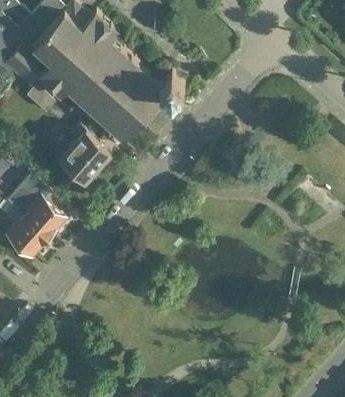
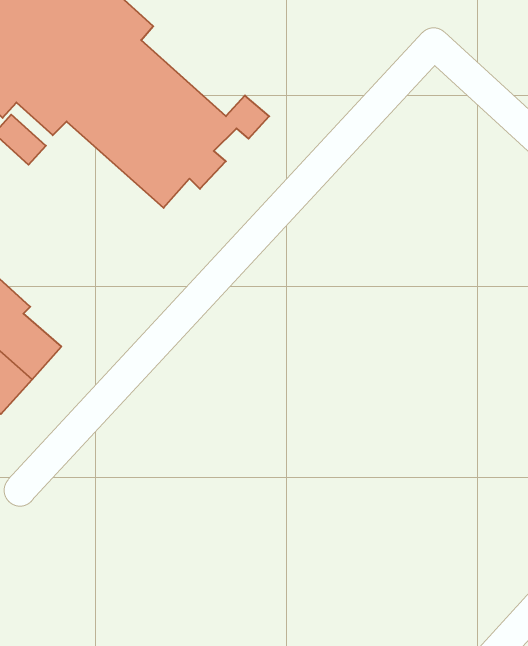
building: [57,125,109,184] -> none

